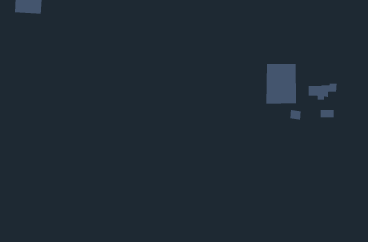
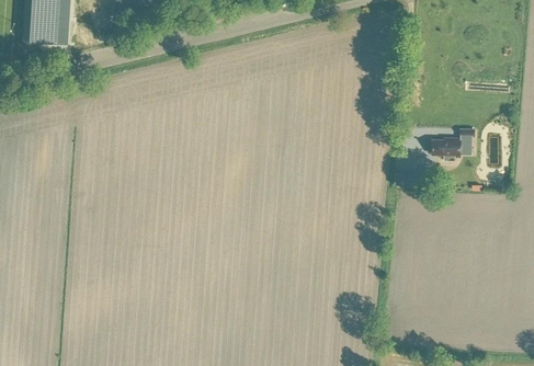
building: [265,63,297,105] -> none

